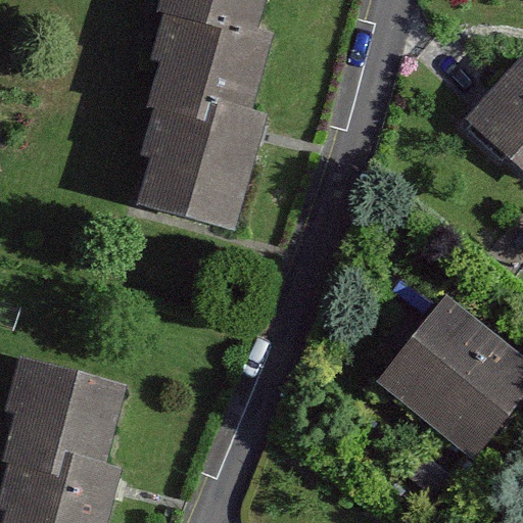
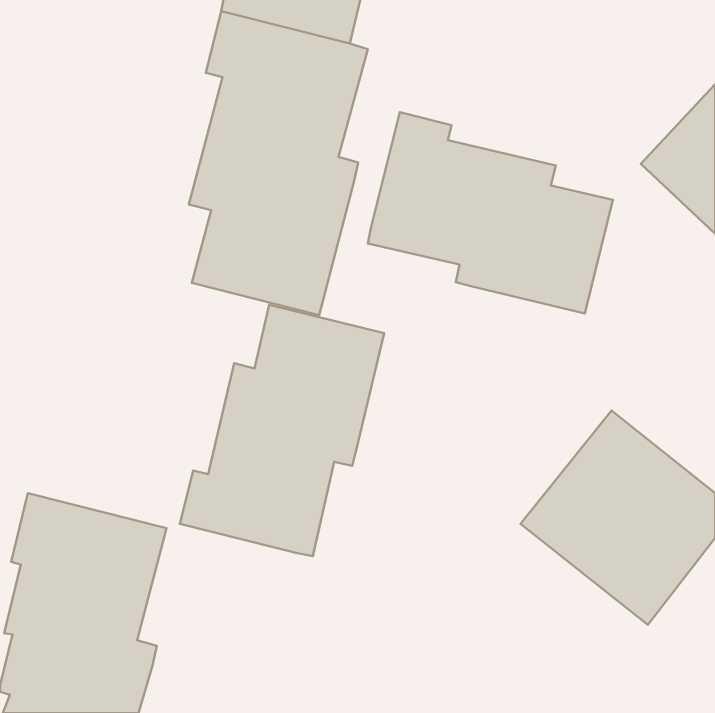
building: none -> [368,112,613,313]
building: none -> [180,305,384,556]

